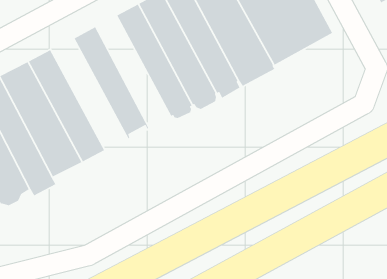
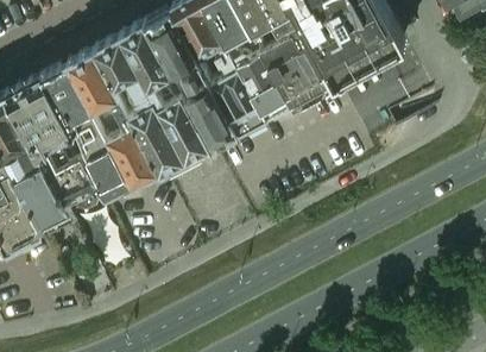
building: none -> [122,24,213,158]
building: none -> [69,51,162,186]

